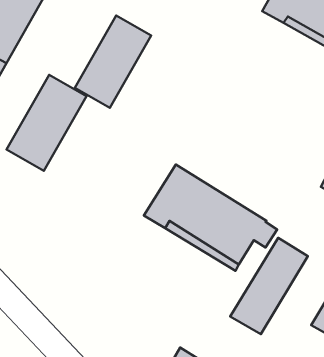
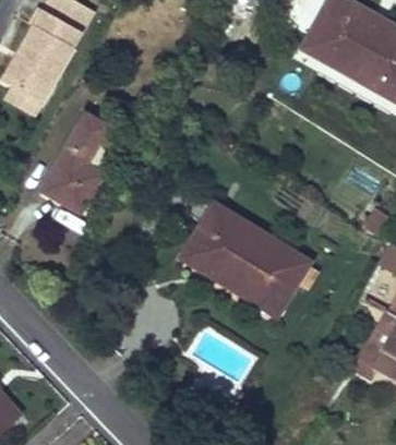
building: [75,16,151,108] -> none
building: [230,238,308,334] -> none

